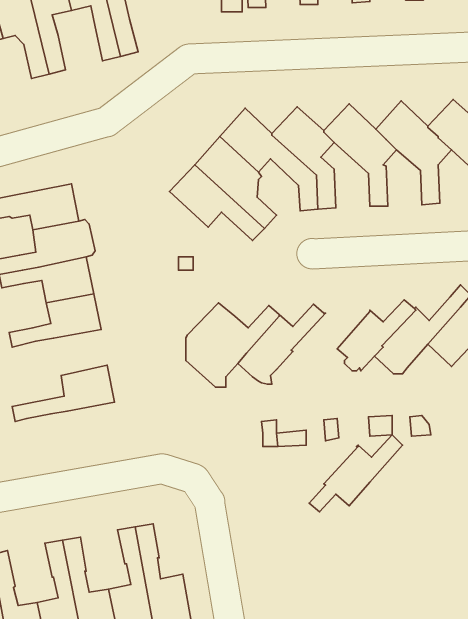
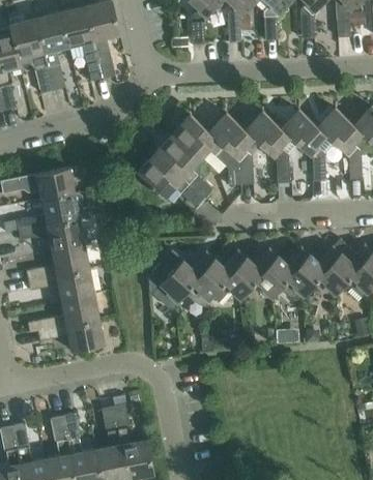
building: none -> [28,268,94,300]
building: none -> [38,319,105,351]
building: [309,435,403,512] -> [212,248,278,302]

